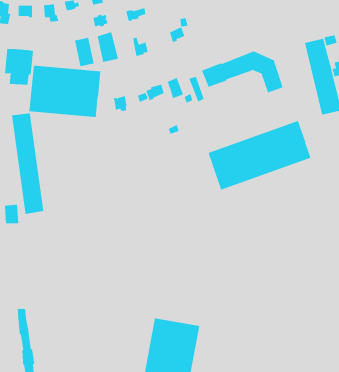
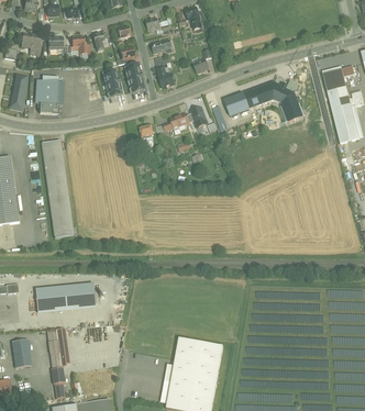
building: [29,65,101,118] -> none
building: [208,120,311,190] -> none
building: none -> [36,282,96,312]

